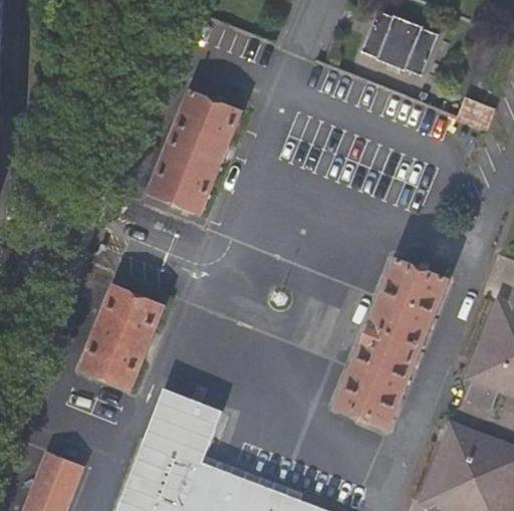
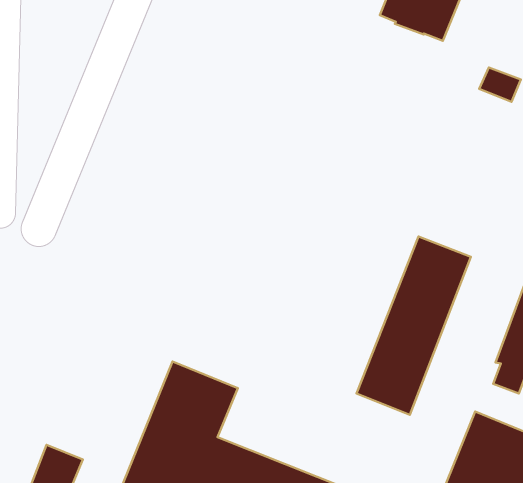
building: [150,95,238,215] -> none
building: [80,288,162,391] -> none

